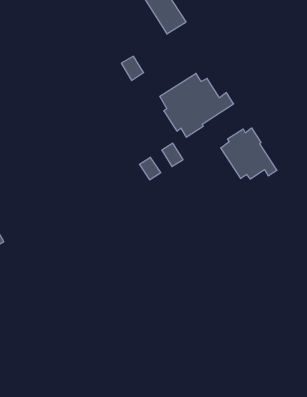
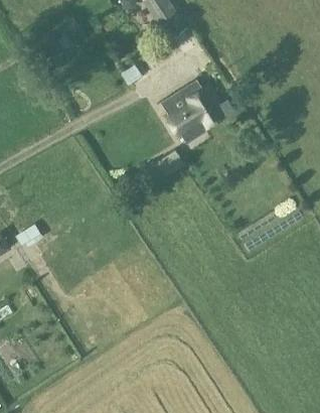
building: [221,128,277,179] -> none

